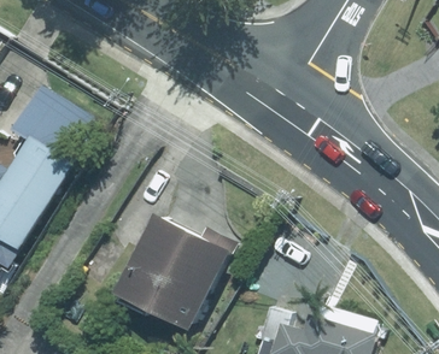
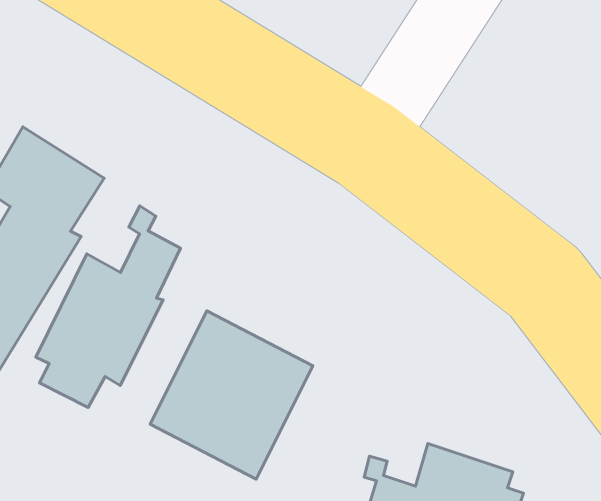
building: none -> [36,206,180,407]

